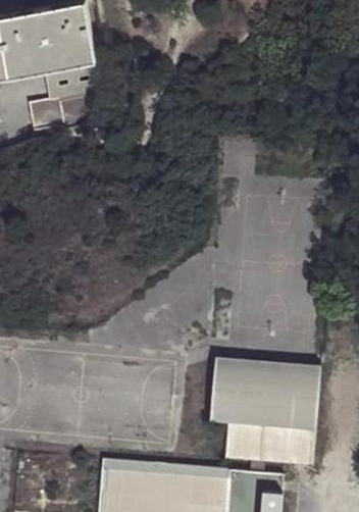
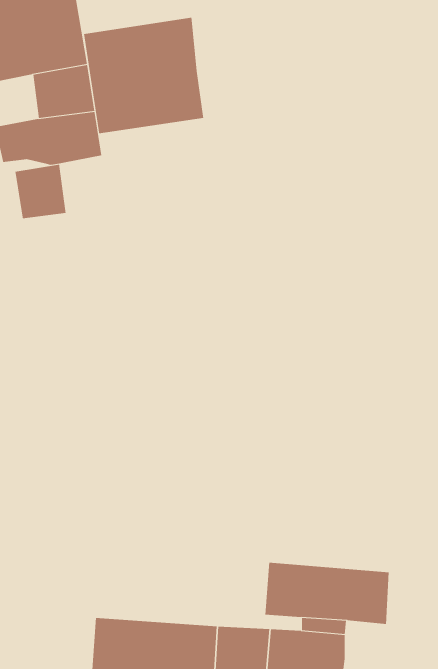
building: none -> [84,17,204,134]
building: none -> [15,164,66,219]
building: [209,356,319,427] -> none

